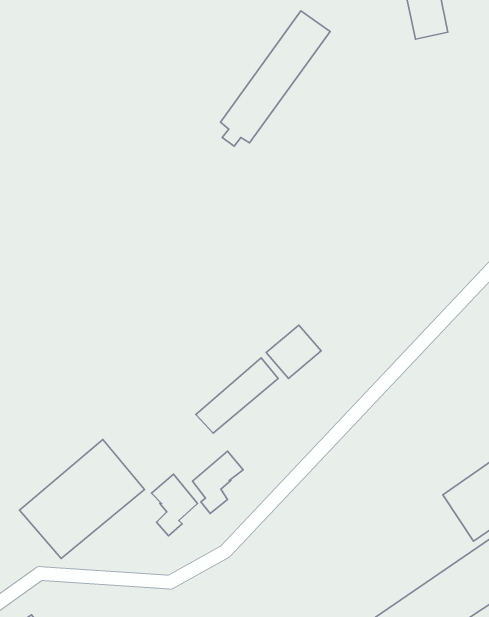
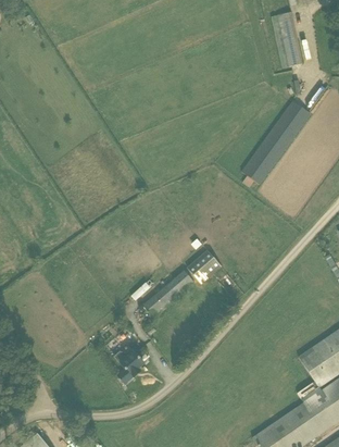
building: [220,11,330,146] -> [241,100,311,186]
building: [19,439,144,559] -> none
building: [193,451,243,514] -> none

